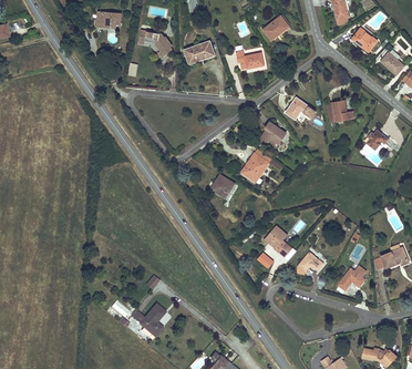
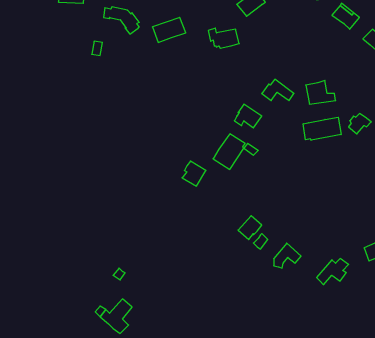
building: none -> [303,117,341,140]

